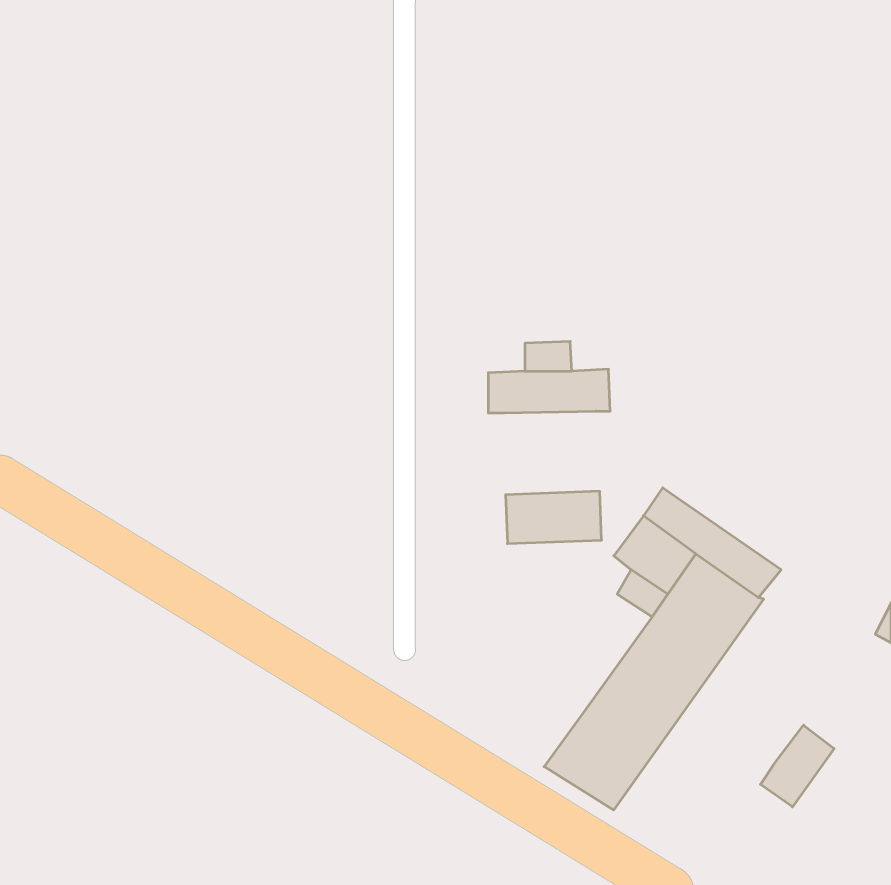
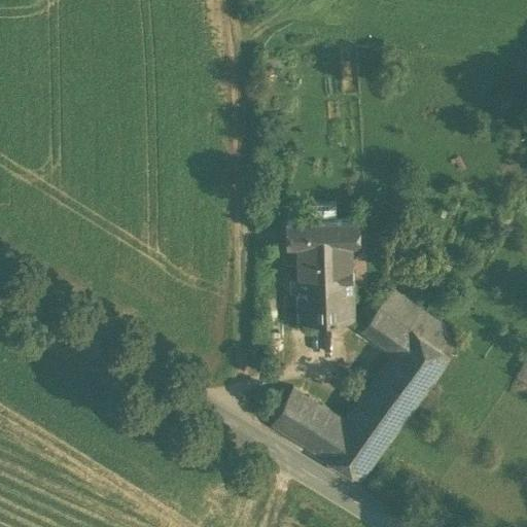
building: none -> [291,246,354,295]
building: none -> [272,390,346,456]
building: [760,725,834,807] -> none

